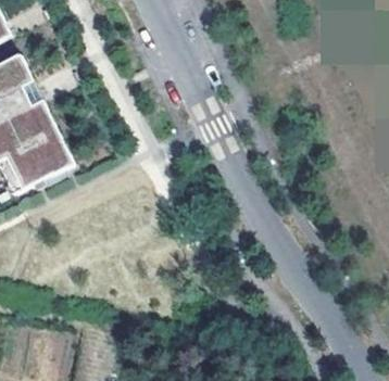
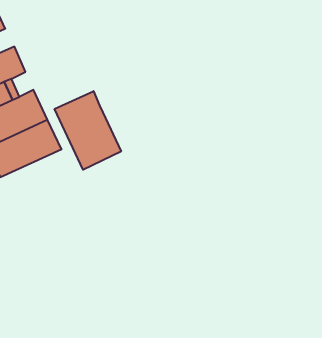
building: none -> [55,91,121,170]

